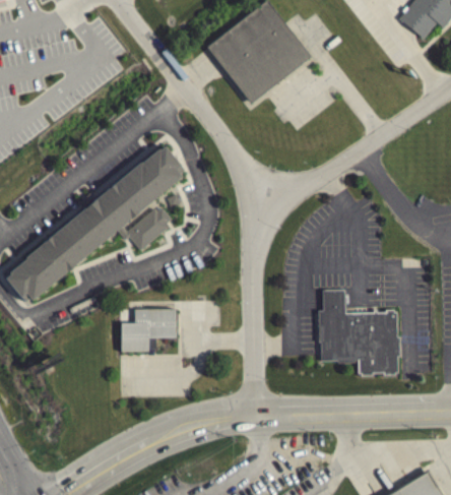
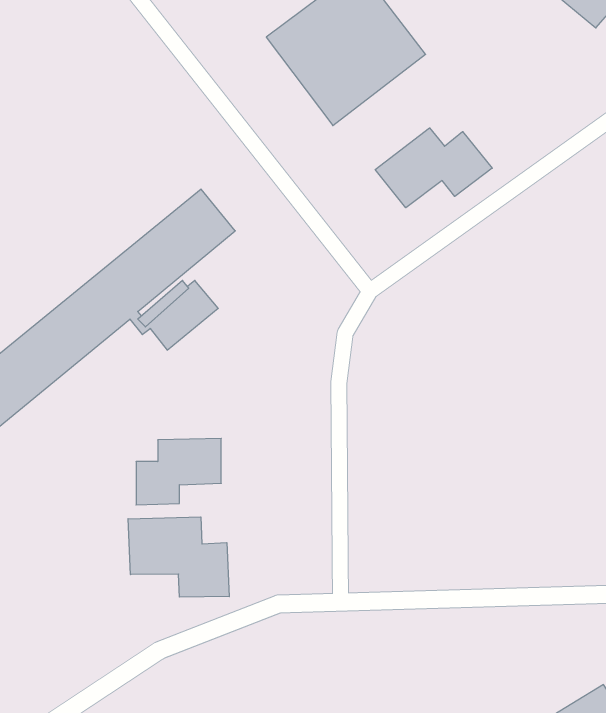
building: none -> [375,128,492,208]
building: [318,291,399,375] -> none
building: none -> [128,517,229,597]

